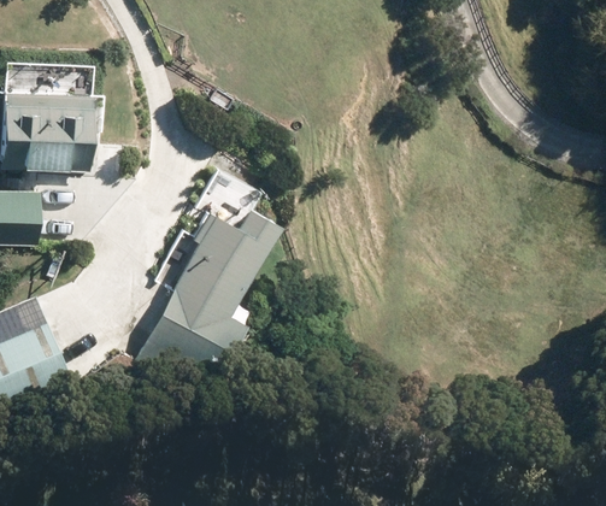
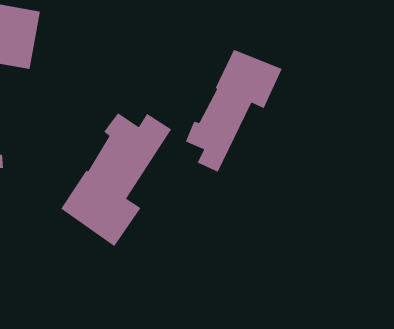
building: none -> [185,49,283,173]

